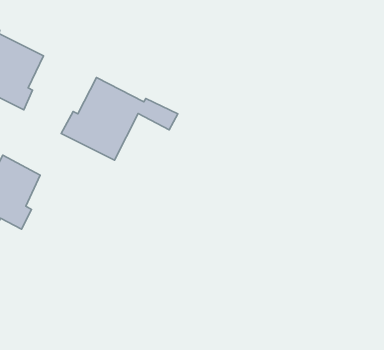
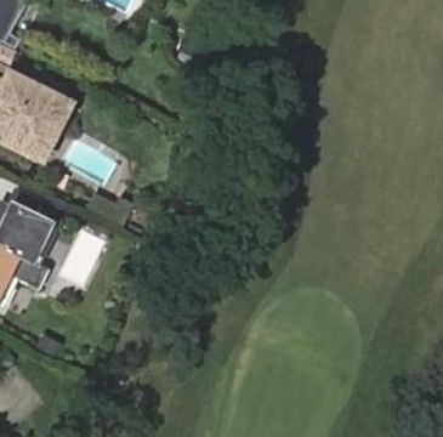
building: [61,77,178,160] -> none

